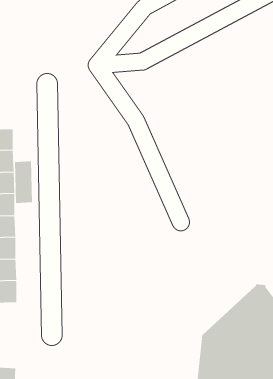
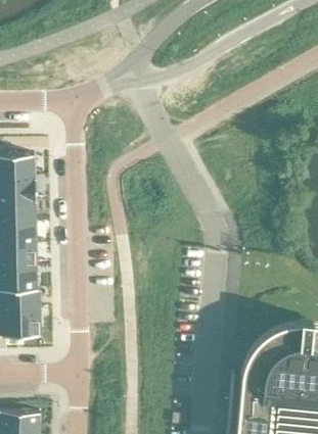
building: [15,161,33,204] -> none

